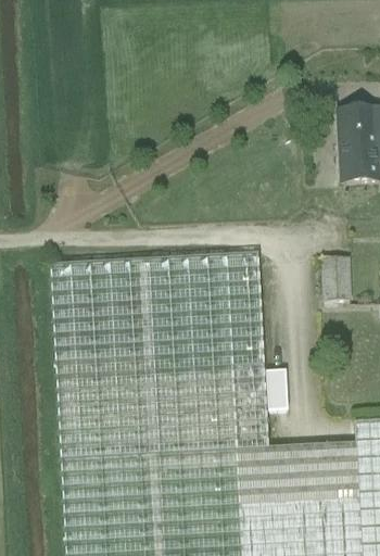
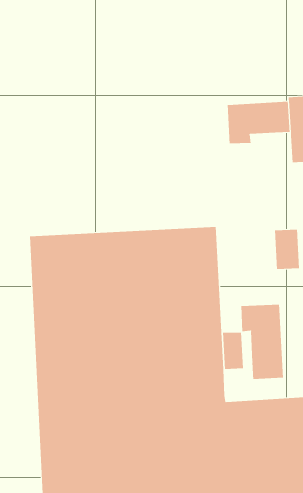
building: none -> [227,101,290,144]
building: none -> [241,304,284,380]

